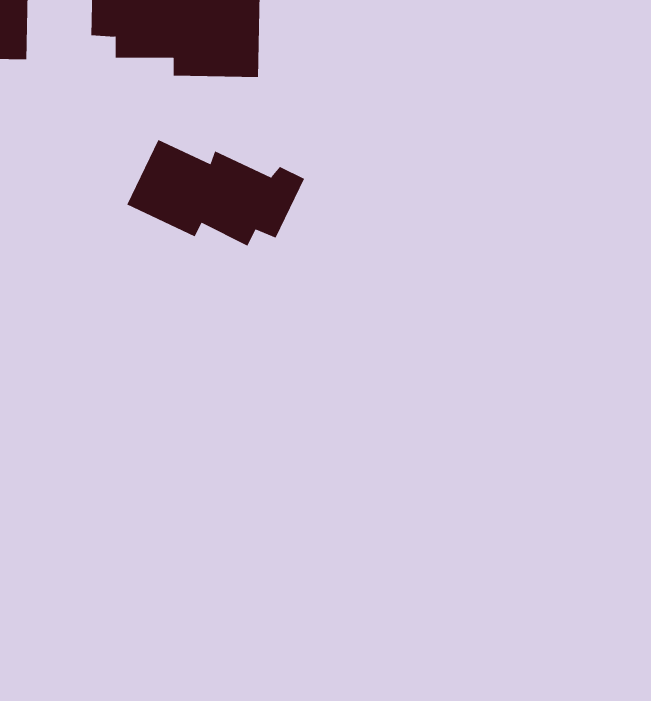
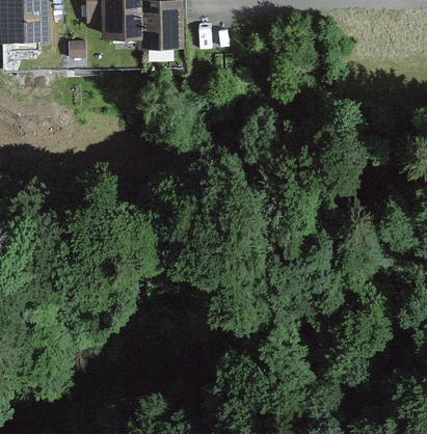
building: [127,139,305,246] -> none

